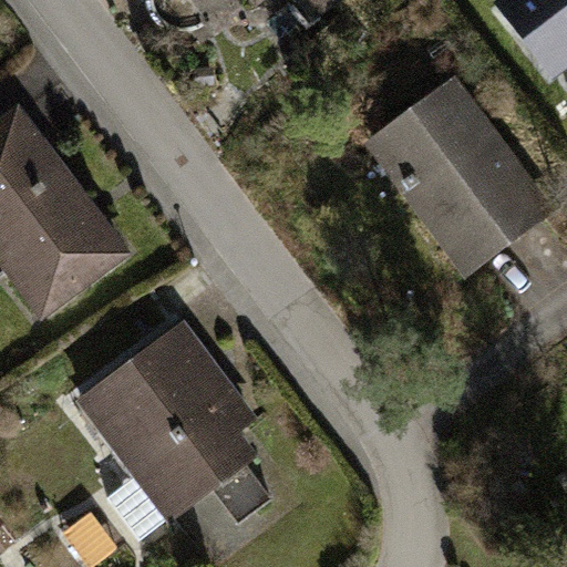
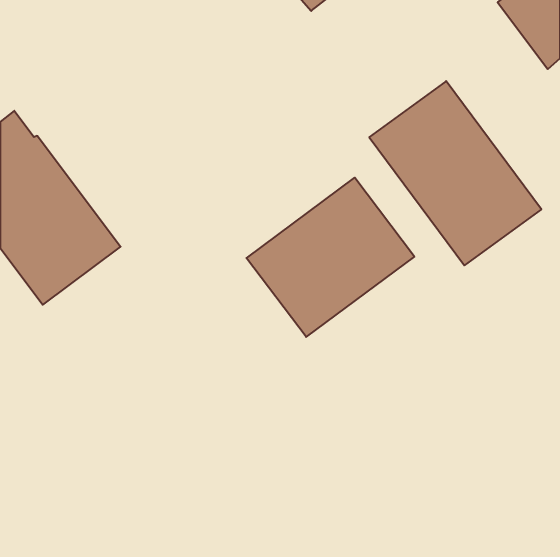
building: none -> [246,178,414,337]
building: [84,324,251,536] -> none

